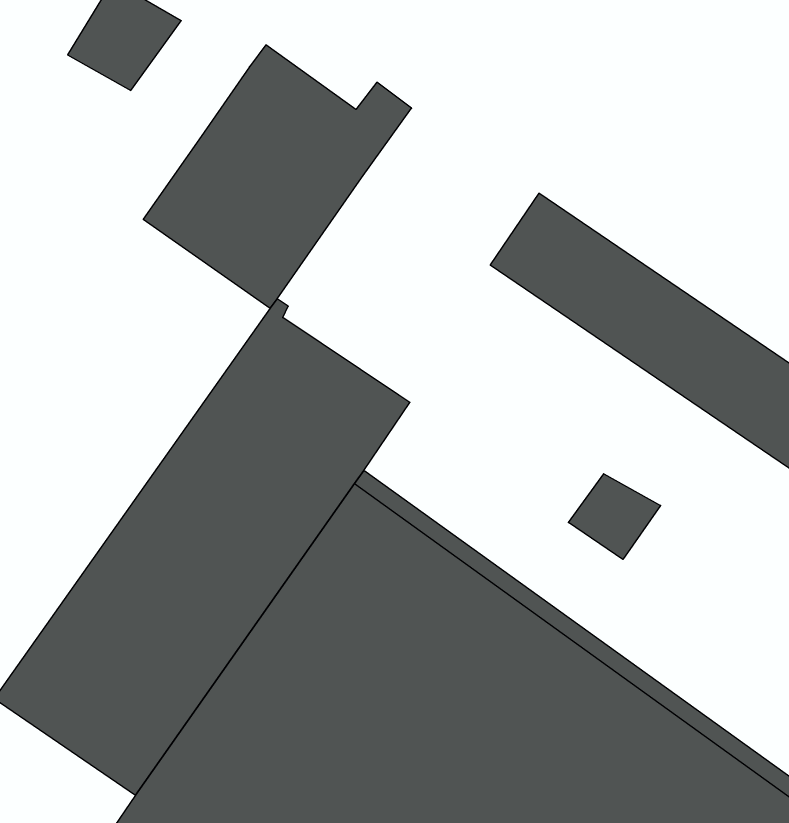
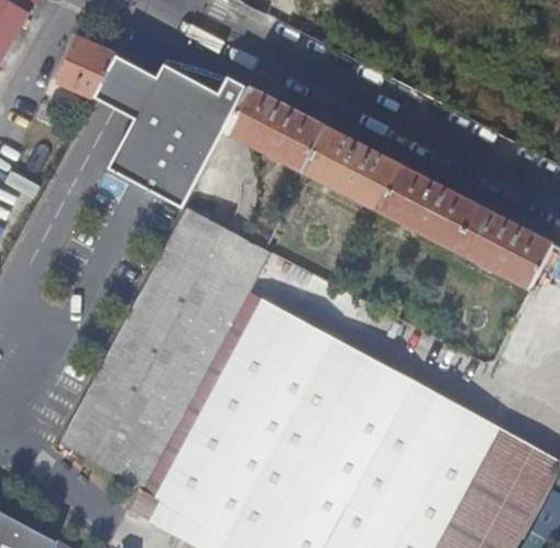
building: none -> [96,56,160,119]
building: none -> [229,89,328,171]
building: [568,474,661,559] -> none

